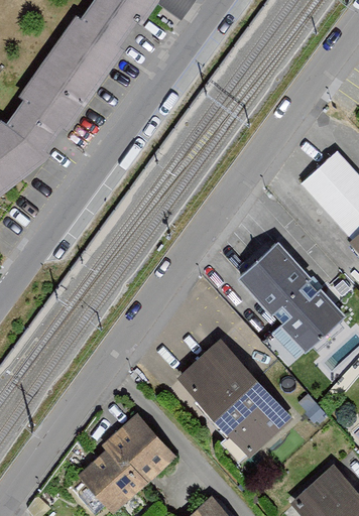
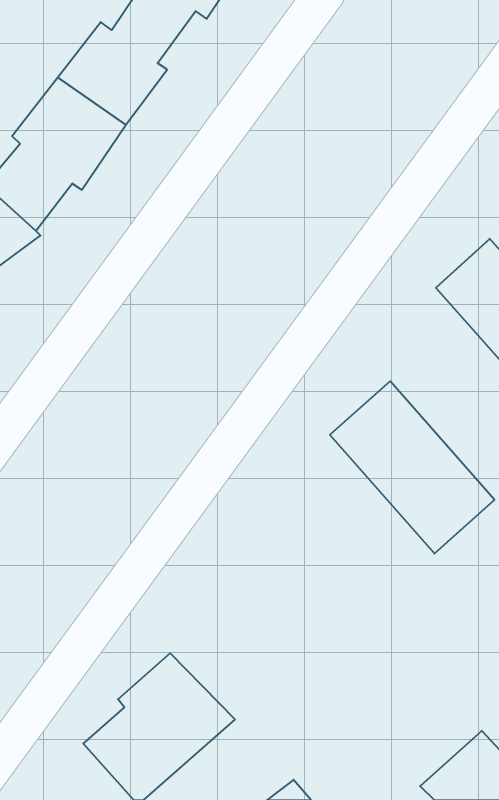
building: [178,344,287,455] -> none

